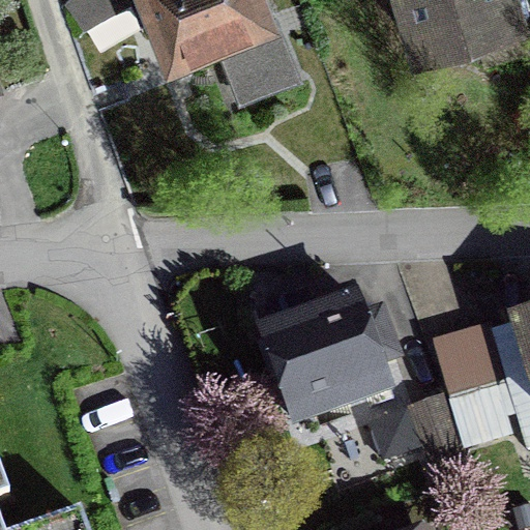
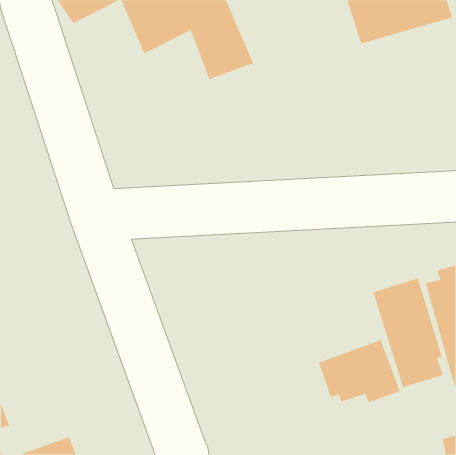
building: [267,303,391,420] -> none

